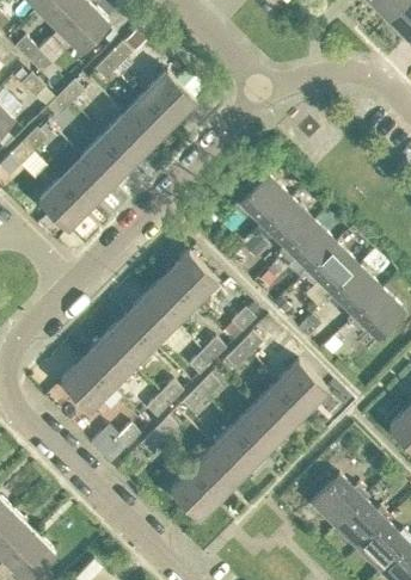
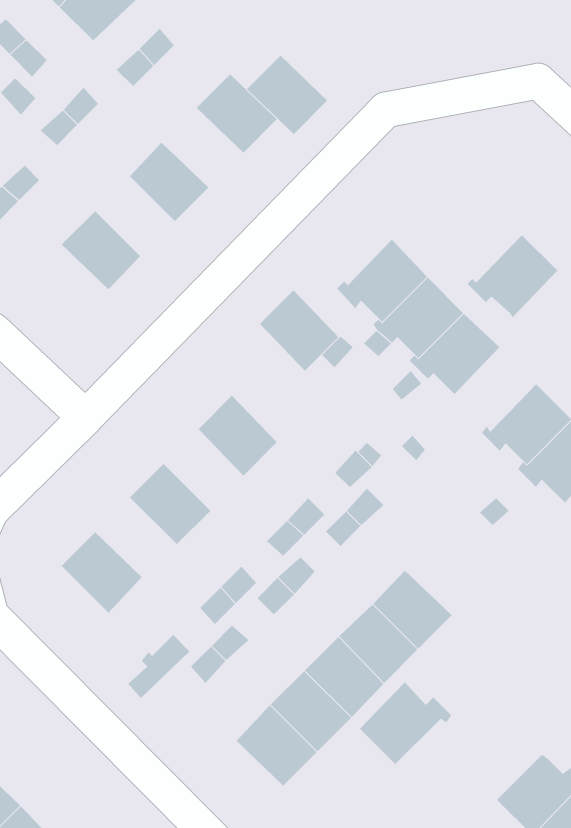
building: [123,93,174,143] -> [246,55,328,135]
building: [81,136,131,186] -> none
building: [38,179,90,229] -> none
building: [301,243,358,296] -> [467,234,558,318]
building: [167,252,217,303] -> [259,290,339,371]
building: [124,295,174,346] -> none
building: [81,338,133,388] -> none
building: [276,360,327,412] -> none
building: [311,475,369,527] -> [359,681,452,765]

